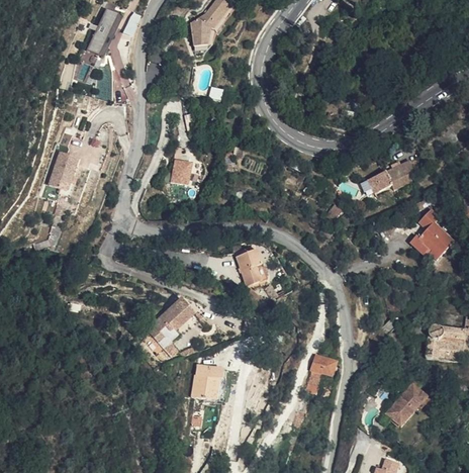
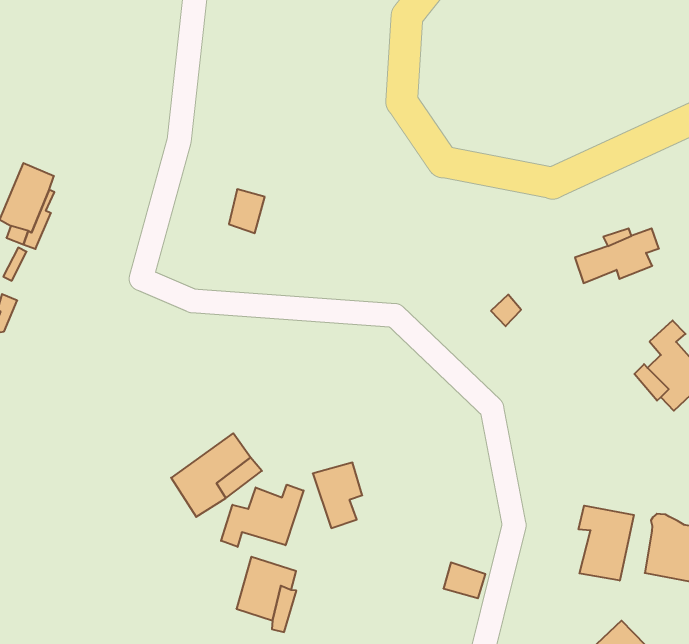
building: [228,248,258,286] -> [313,463,362,528]
building: none -> [579,506,634,581]
building: none -> [221,485,304,547]

